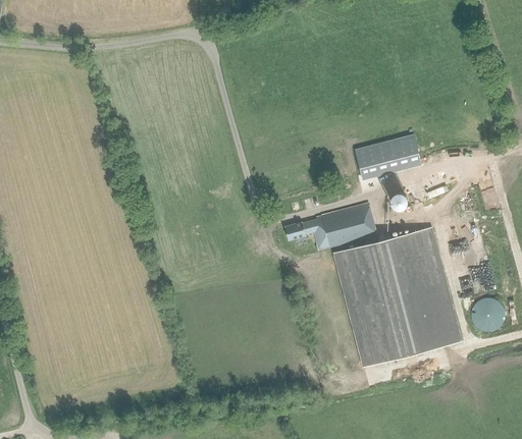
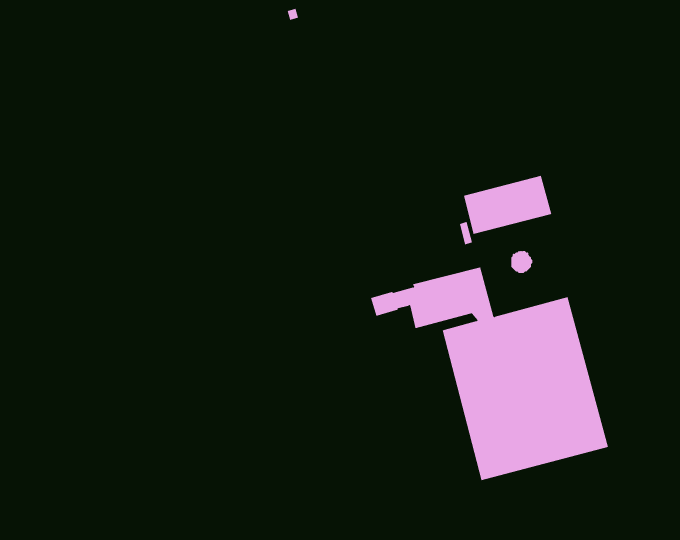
building: [470,298,503,331] -> none

